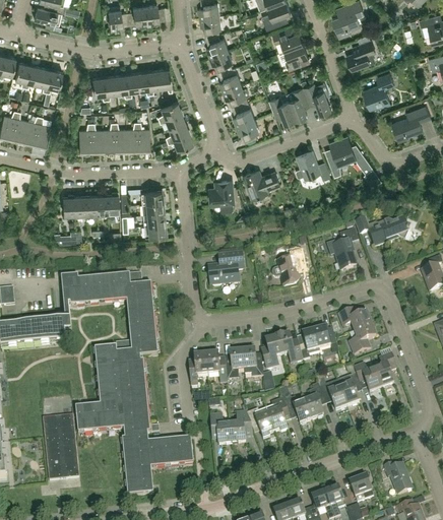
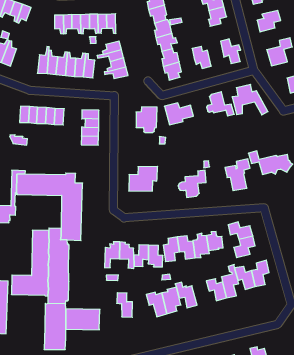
building: [287,86,310,119] -> none
building: [305,384,324,419] -> none
building: [231,412,253,444] -> none

